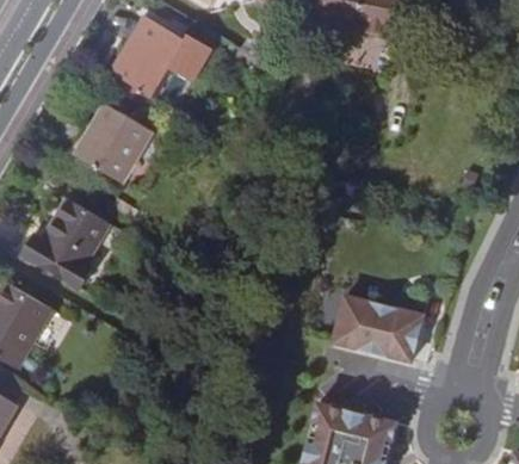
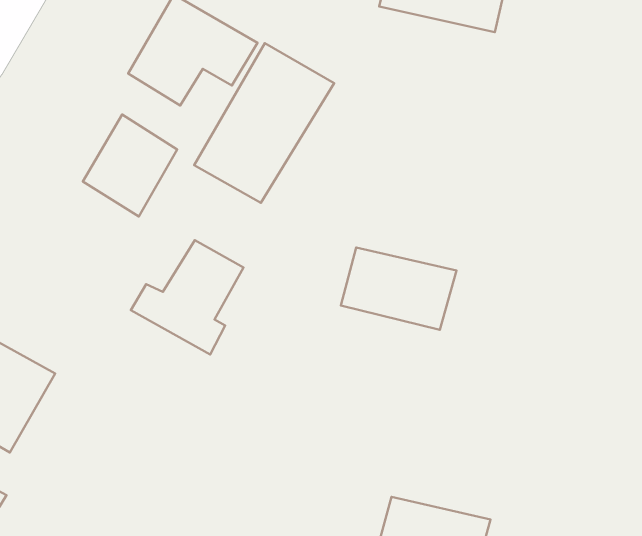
building: none -> [194,43,334,203]
building: [19,202,107,291] -> [131,240,244,354]
building: [333,296,424,360] -> [341,248,457,330]

